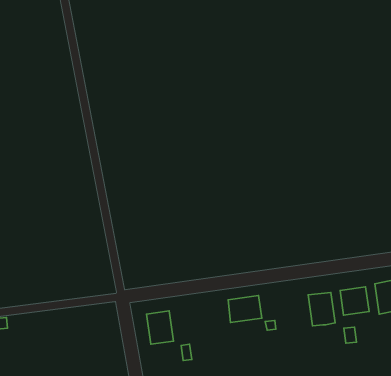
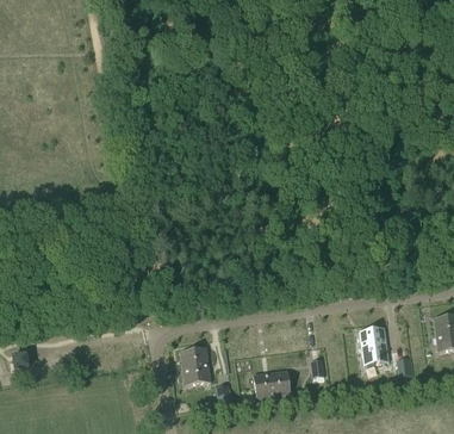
building: [340,287,369,315] -> none
building: [228,295,262,322] -> [253,370,290,399]

